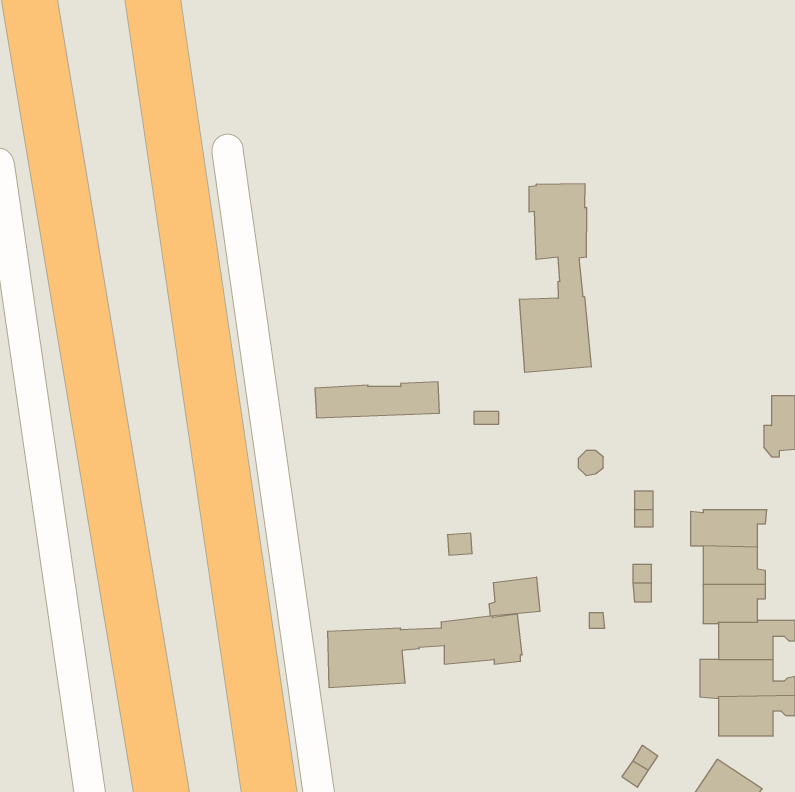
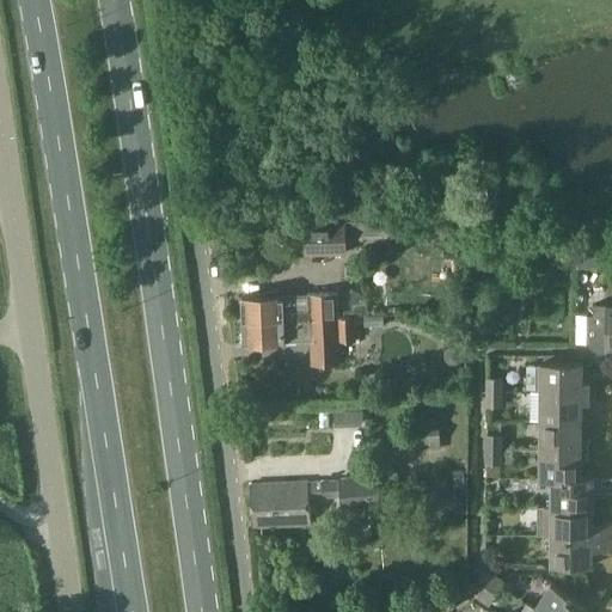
building: [520,184,591,372] -> none
building: none -> [305,225,344,257]
building: none -> [243,320,360,367]
building: none -> [539,363,588,394]
building: [489,577,540,616] -> none

